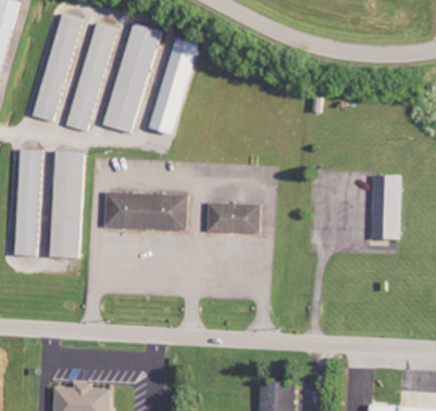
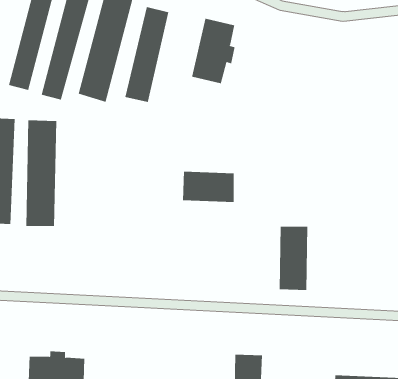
building: none -> [192,18,235,84]
building: [365,175,395,239] -> [279,226,308,290]
building: [103,192,187,229] -> none

